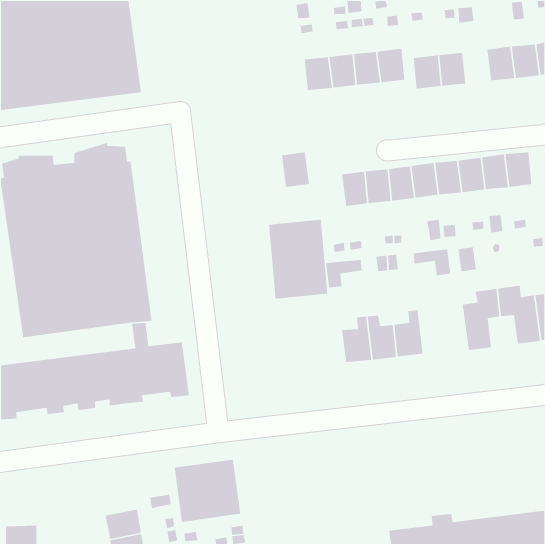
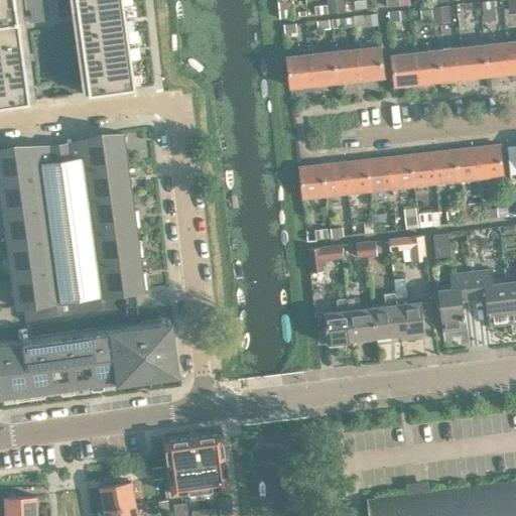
building: none -> [437,47,464,81]
building: [281,151,310,188] -> [299,165,327,200]
building: [268,219,328,300] -> none
building: none -> [395,292,424,336]

